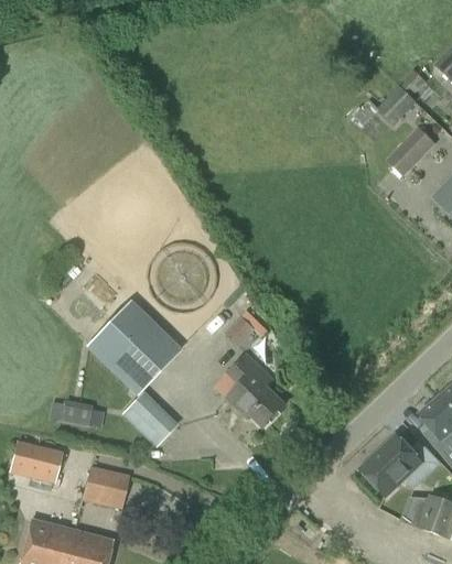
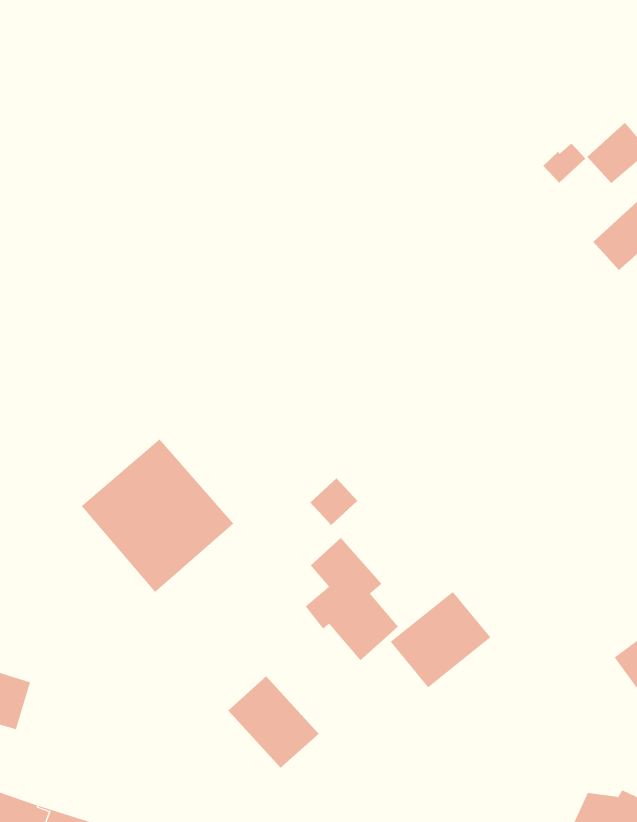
building: [121,391,179,447] -> [228,676,319,769]
building: [62,401,93,427] -> none
building: [362,435,423,496] -> [390,591,491,688]
building: [68,464,130,509] -> none

